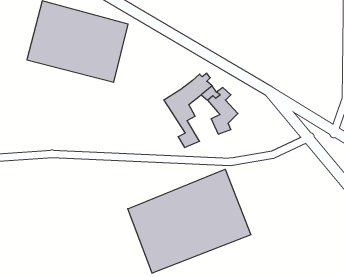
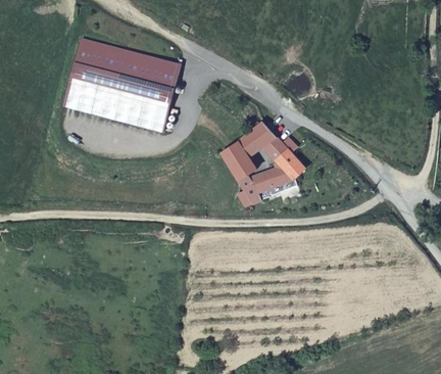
building: none -> [247,165,285,198]
building: [128,169,251,273] -> none

